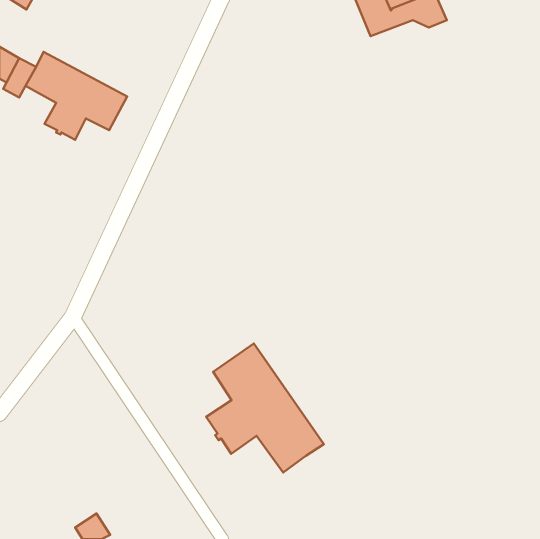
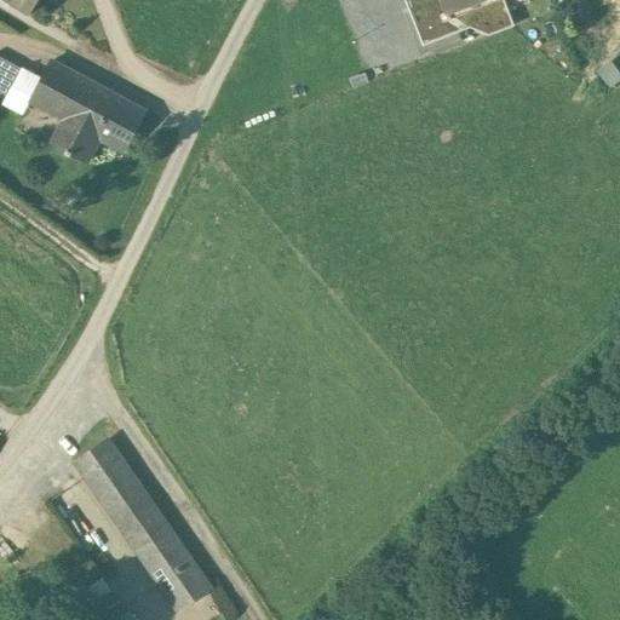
building: [206,344,324,472] -> none
building: none -> [76,438,208,601]

